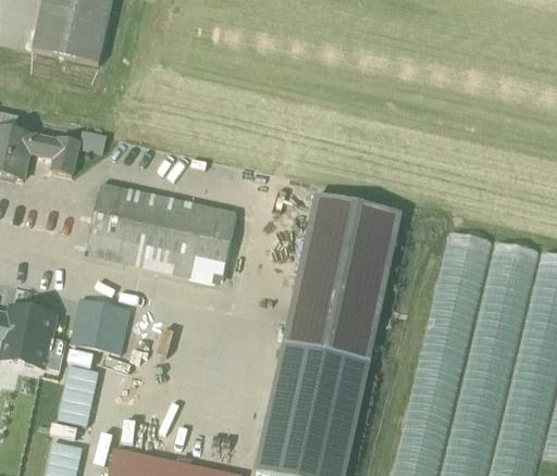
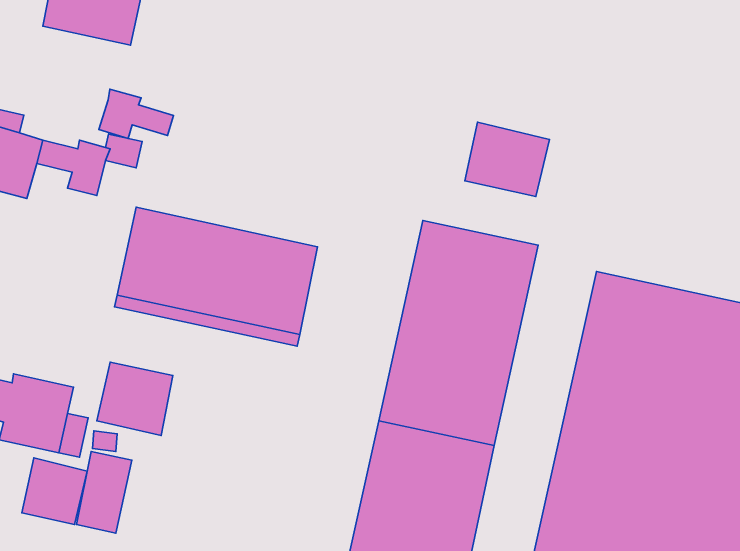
building: none -> [99,89,174,139]
building: none -> [465,122,549,196]
building: none -> [22,458,87,524]

